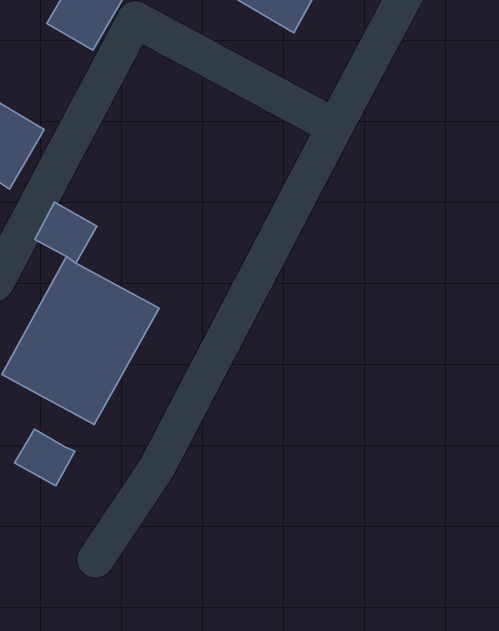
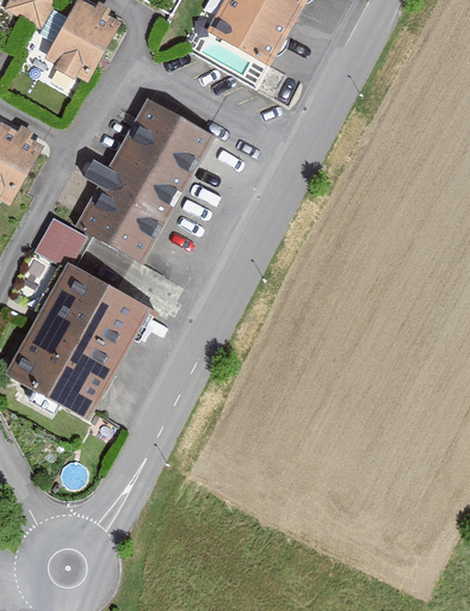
building: none -> [76,101,211,260]
building: [15,429,75,486] -> none

